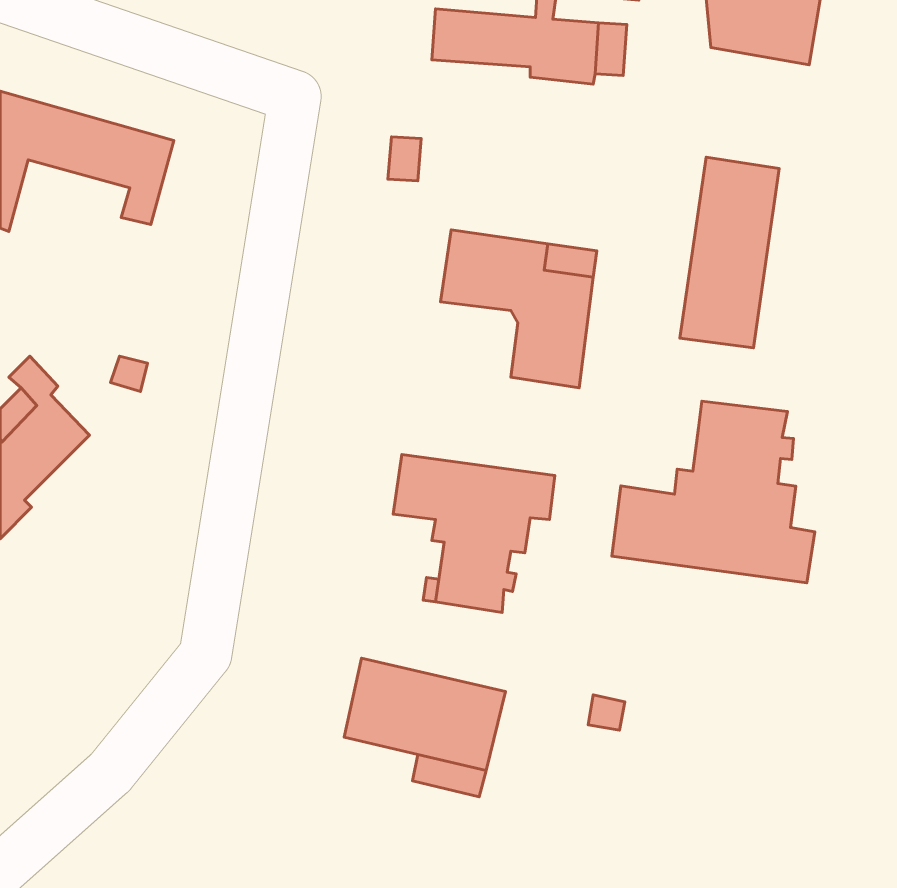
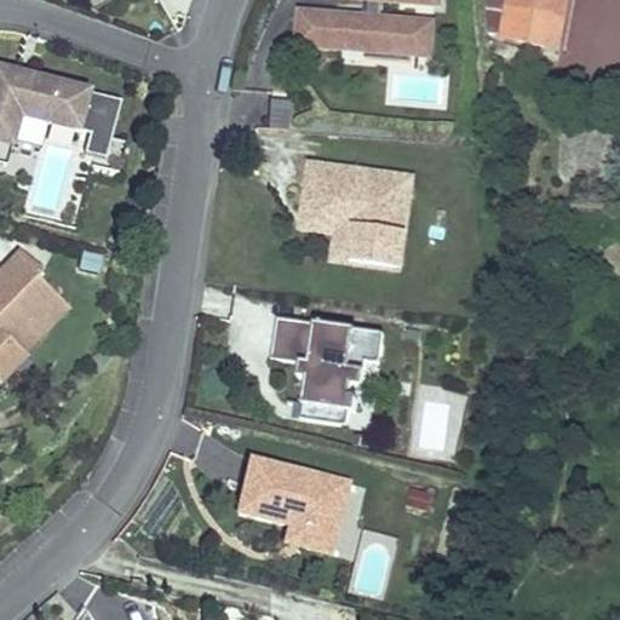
building: [680,157,779,348] -> none
building: none -> [302,208,357,260]
building: [612,401,815,583] -> none

